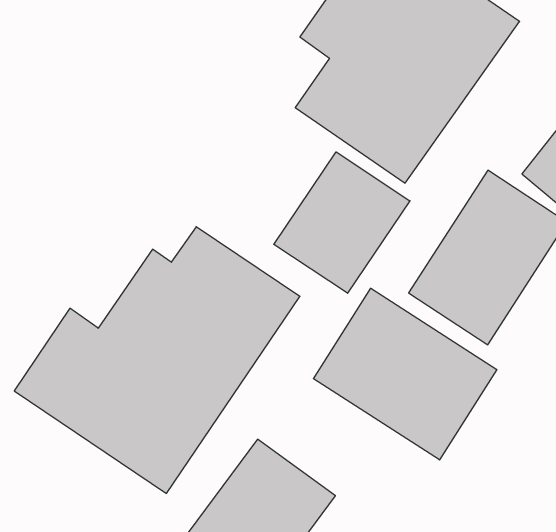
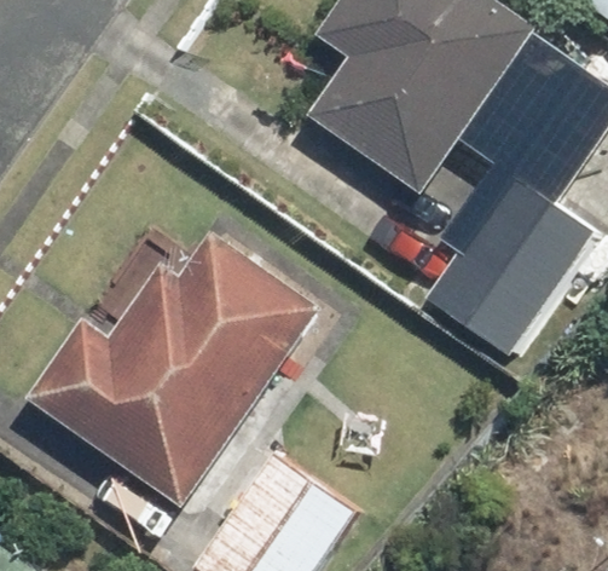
building: [274,152,410,293] -> none
building: [313,288,497,460] -> none

